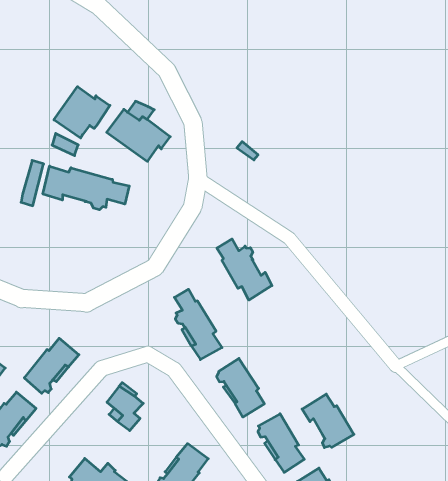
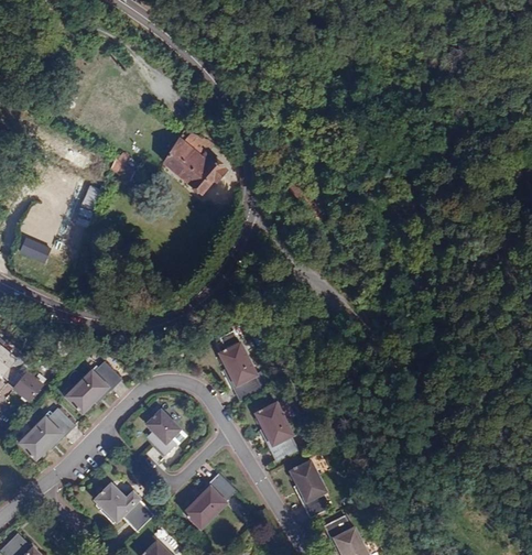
building: [54,87,110,138] -> none
building: [43,166,129,210] -> none
building: [217,239,272,300] -> none
building: [302,394,354,448] -> none

